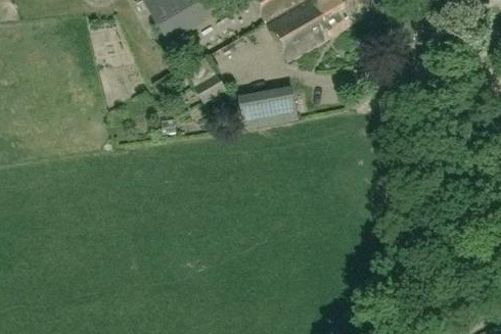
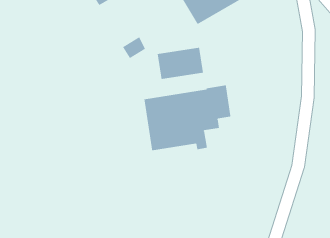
building: none -> [144,85,231,151]

